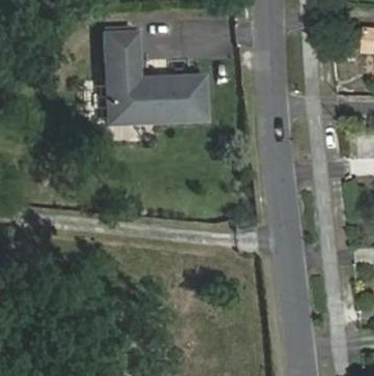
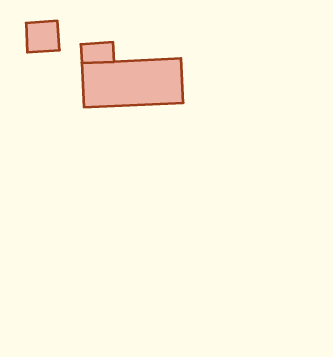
building: [106,32,138,62] -> [26,21,60,52]

